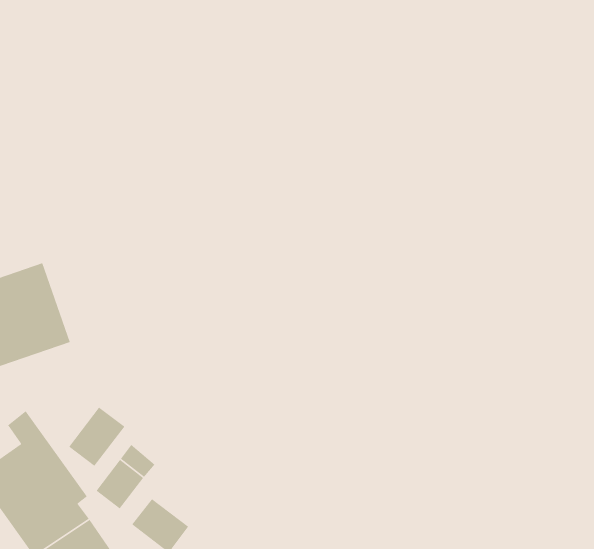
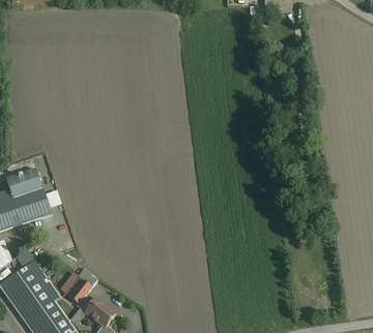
building: [68,407,125,467] -> none

